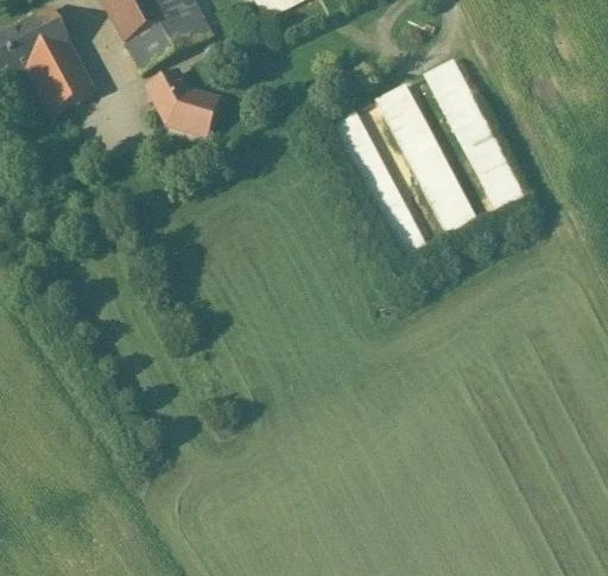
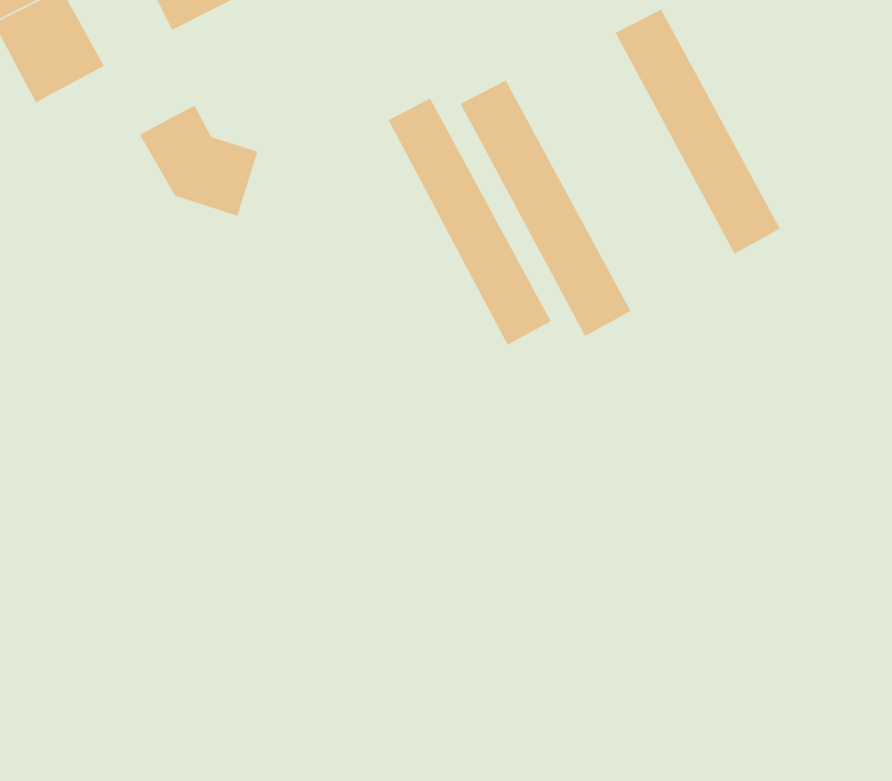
building: [141,62,217,133] -> [139,105,258,217]
building: [374,78,479,236] -> [388,97,552,346]

